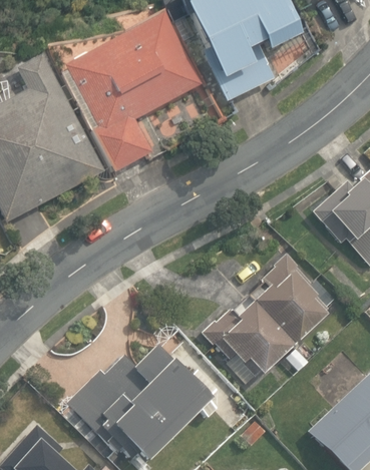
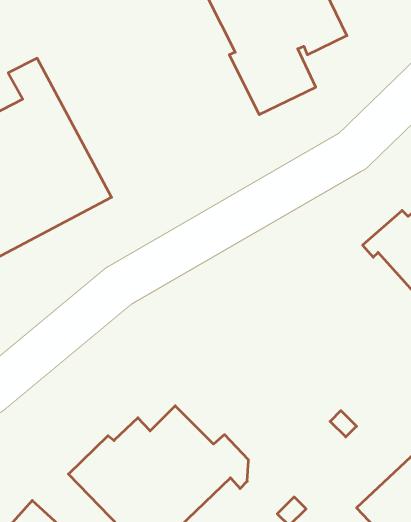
building: [65,11,202,171] -> none
building: [203,254,333,373] -> none

